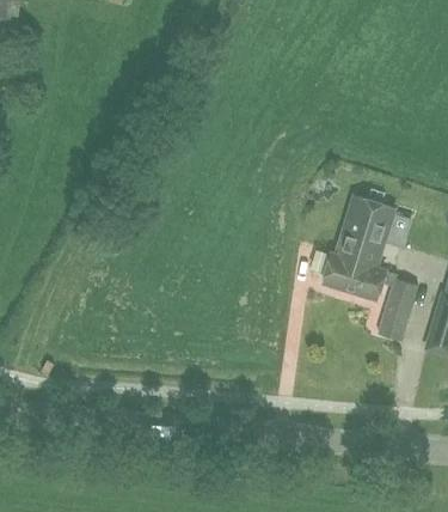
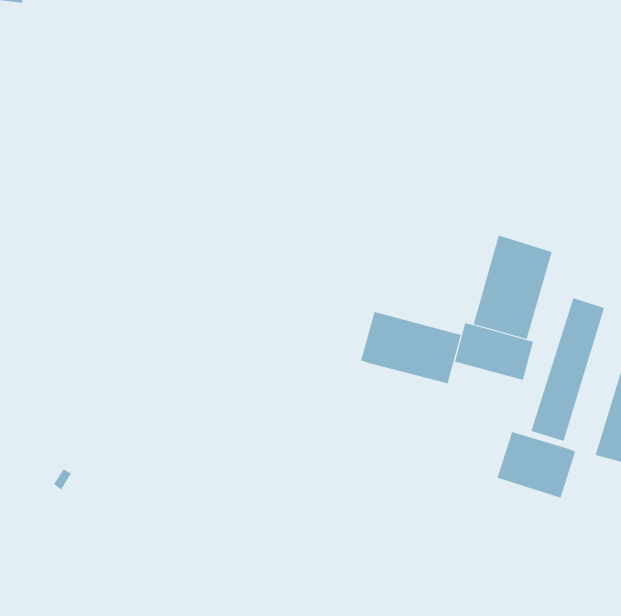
building: none -> [360,311,461,384]
building: none -> [497,431,576,498]

